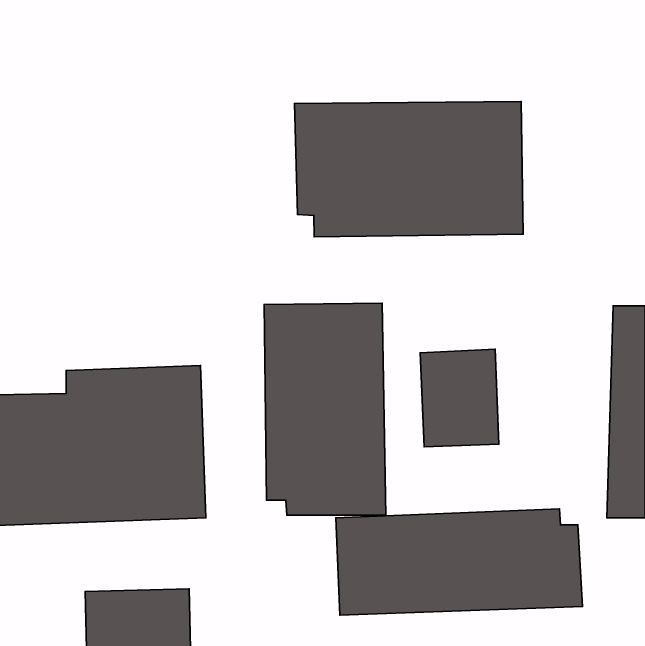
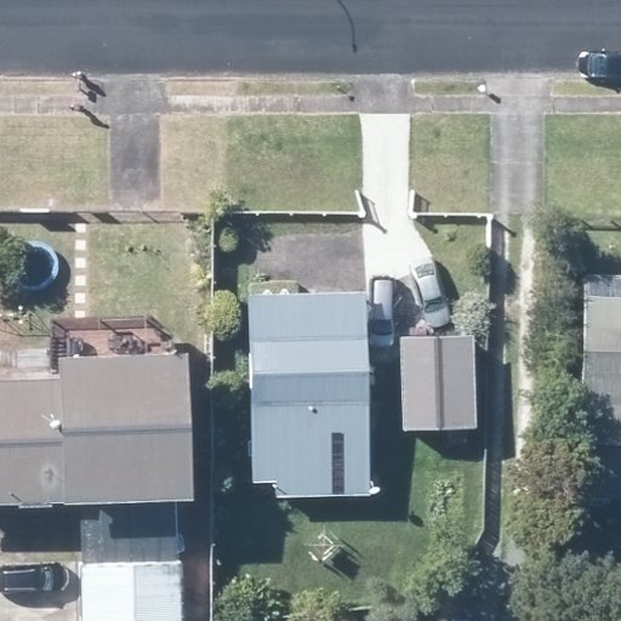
building: [295,102,523,237] -> none
building: [336,509,583,615] -> none

